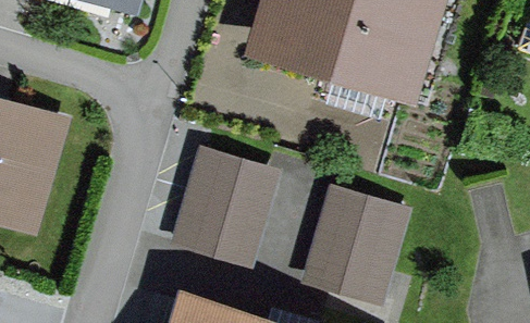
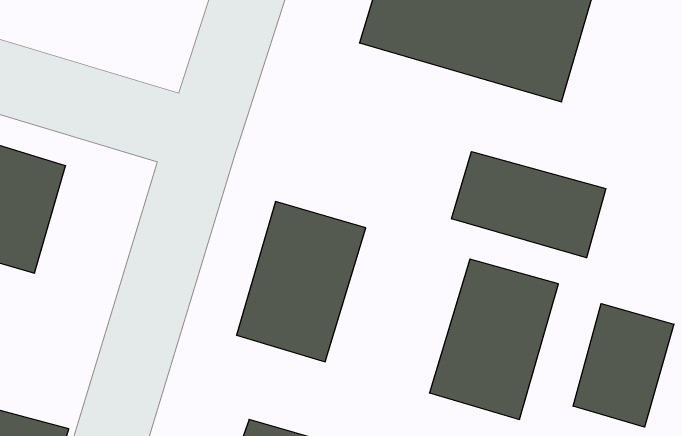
building: none -> [452,152,606,258]
building: none -> [573,304,674,427]

